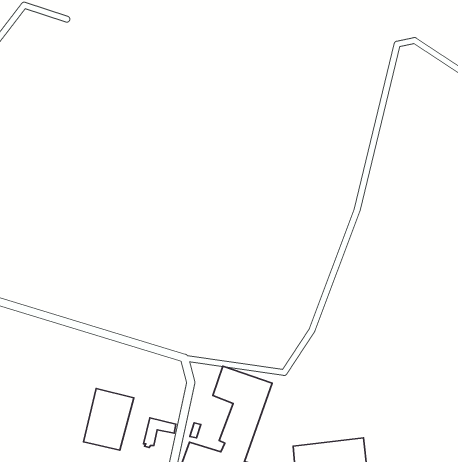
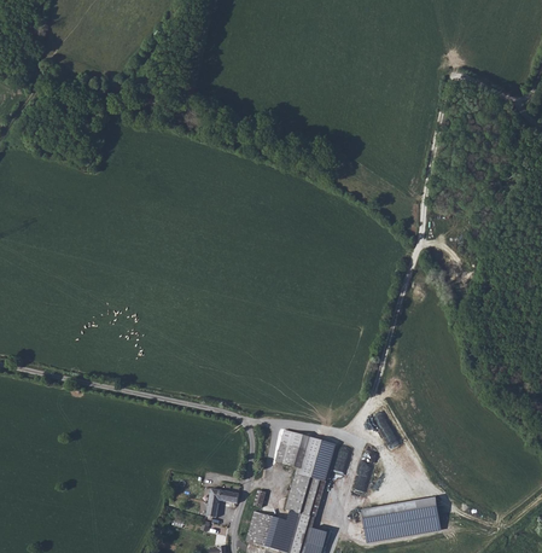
building: [84,389,134,450] -> none

